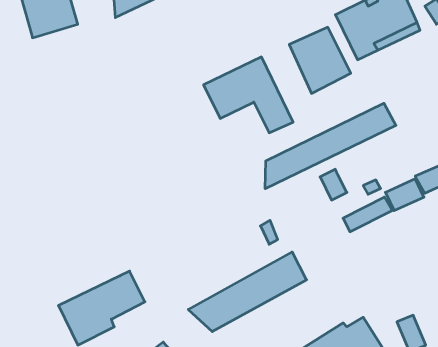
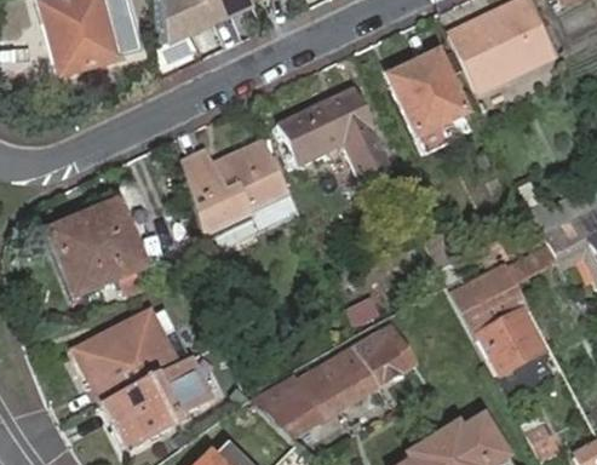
building: none -> [184,133,291,237]
building: [265,103,396,189] -> none
building: none -> [45,208,138,293]
building: none -> [482,295,546,368]
building: none -> [73,317,176,402]

